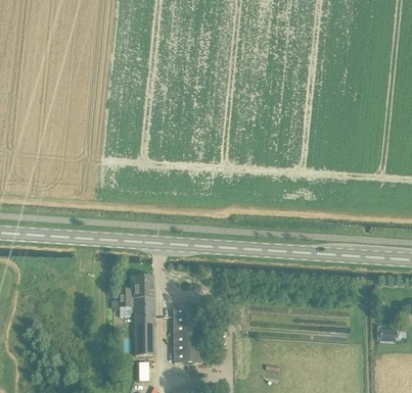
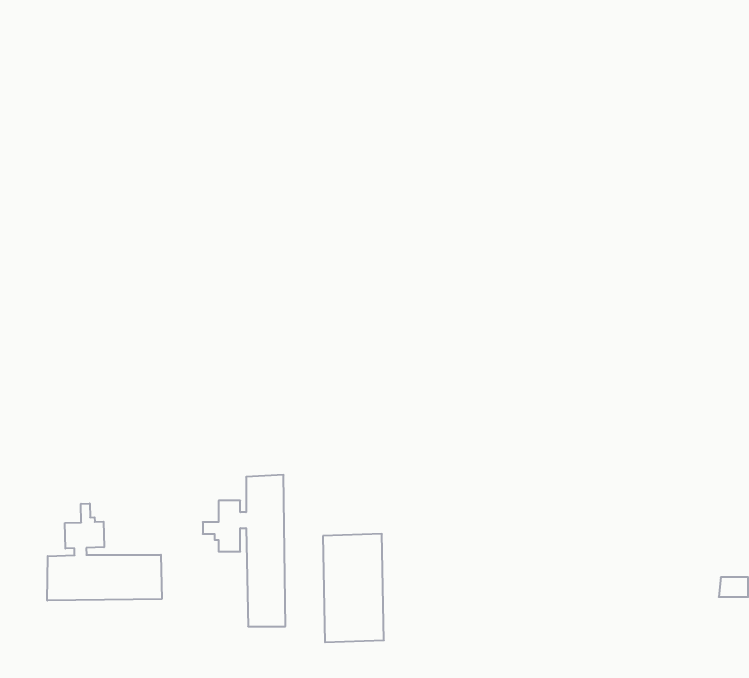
building: none -> [47,503,162,601]

